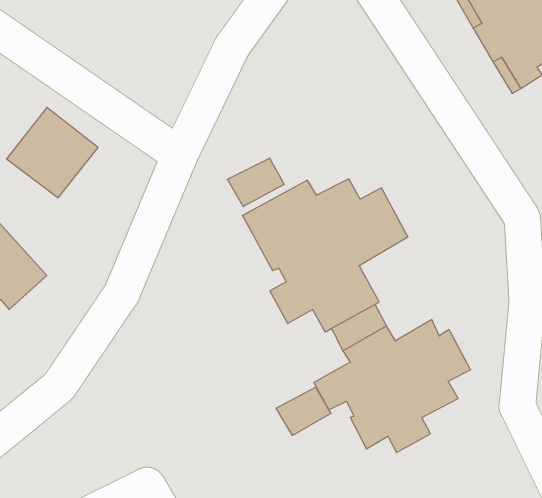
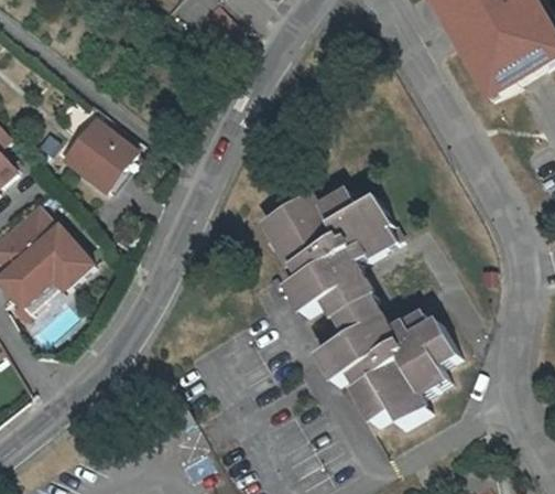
building: [228,158,284,207] -> none
building: [276,387,331,435] -> none

